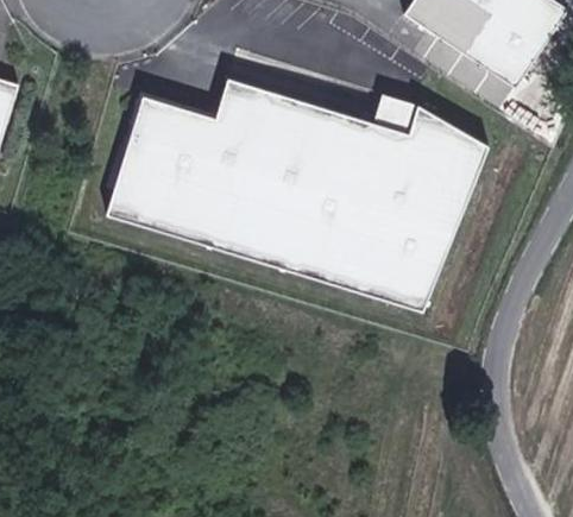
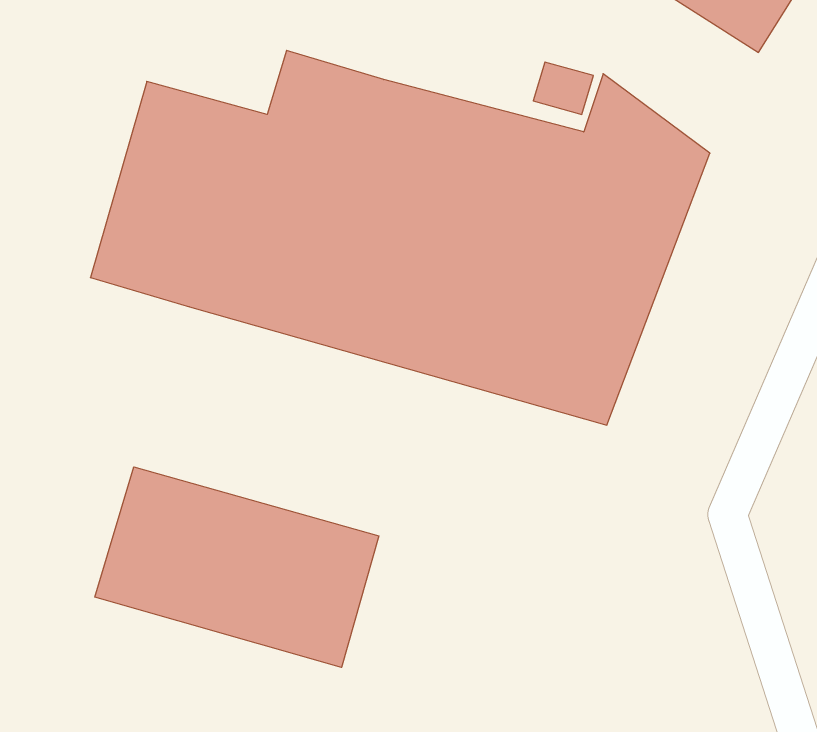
building: none -> [95,467,379,667]

